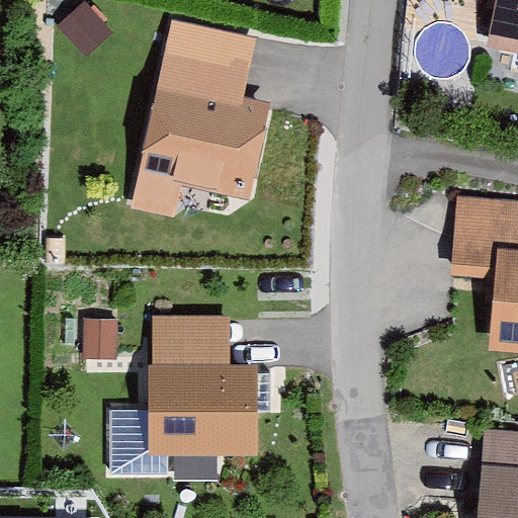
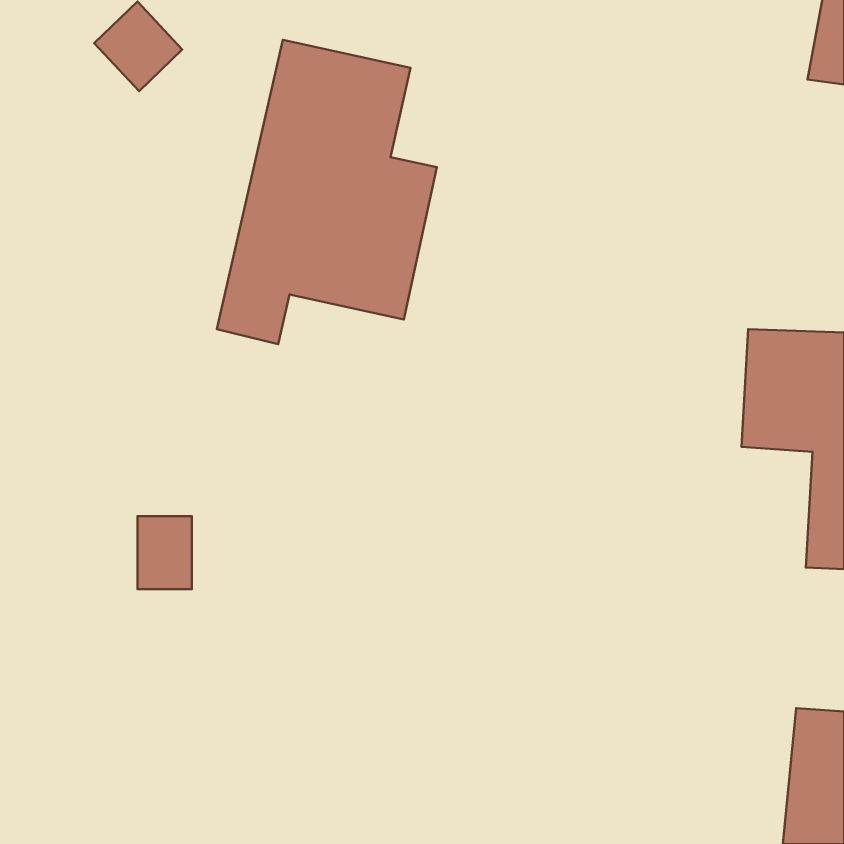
building: [153,318,258,453] -> none

